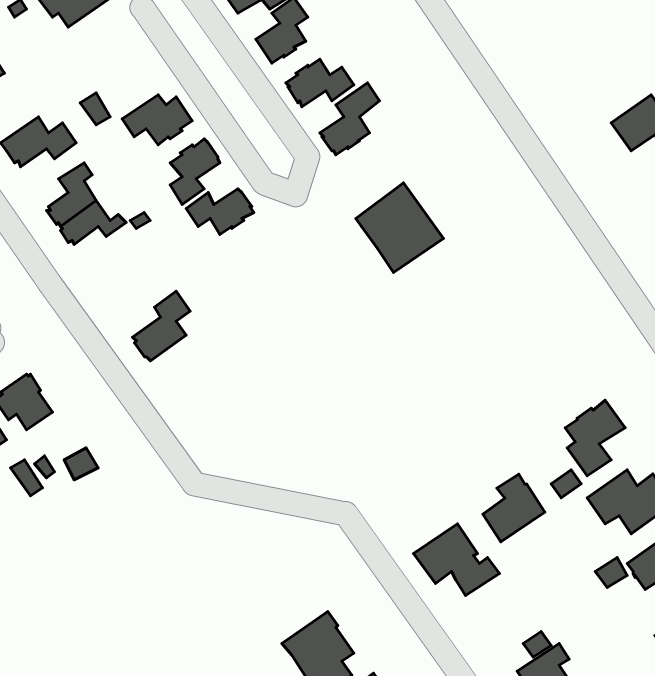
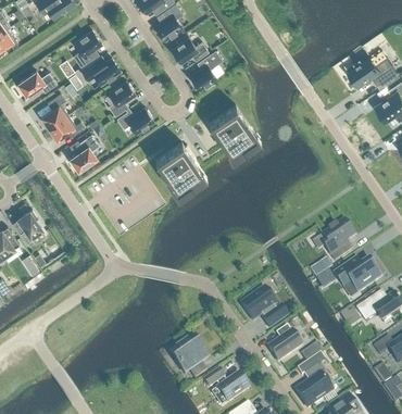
building: none -> [73,28,101,64]
building: none -> [154,140,202,189]
building: [132,291,190,361] -> [67,131,99,170]
building: [483,474,545,542] -> [267,325,301,362]

